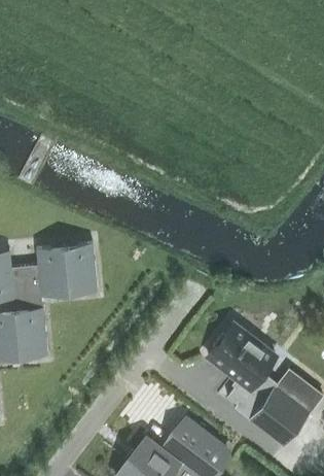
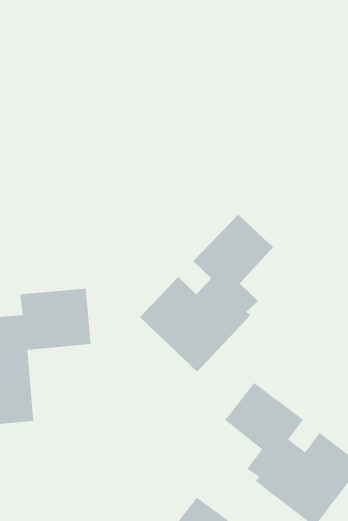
building: none -> [139,214,274,373]

